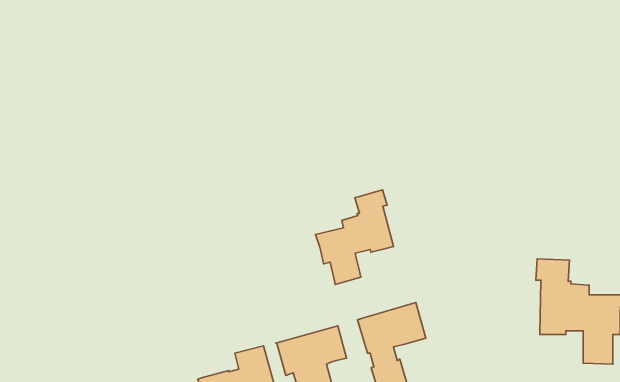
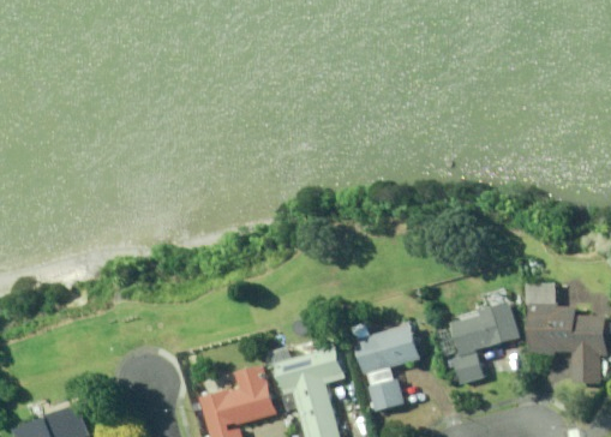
building: [316,190,393,284] -> none
building: none -> [450,303,519,384]

